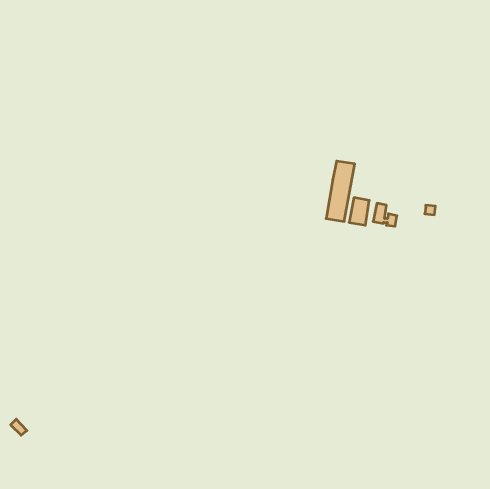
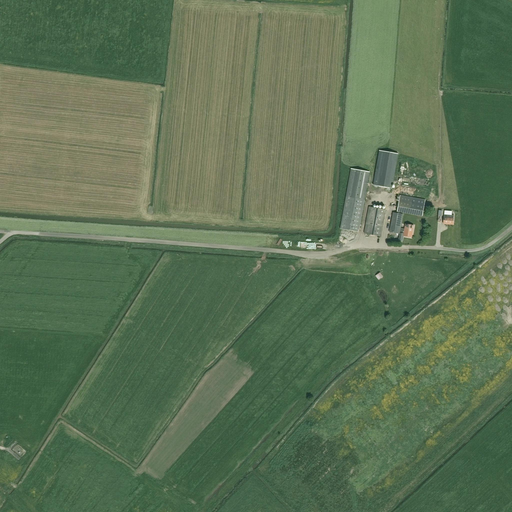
building: none -> [373,149,398,188]
building: none -> [397,194,425,215]

